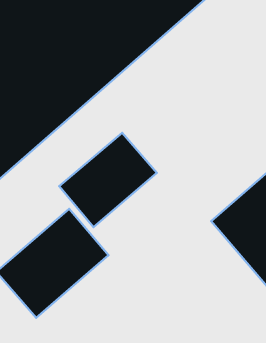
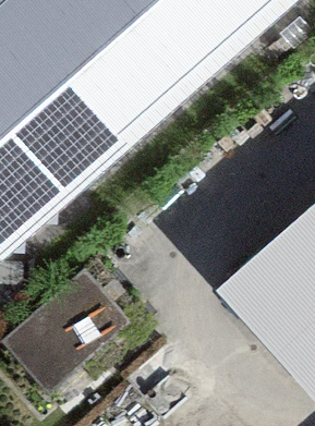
building: [59,133,157,227] -> none

